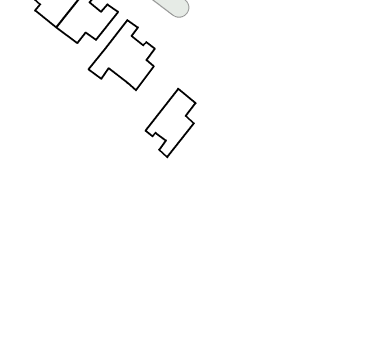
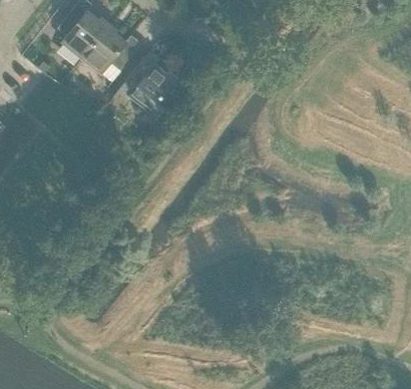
building: [146,89,196,157] -> none

